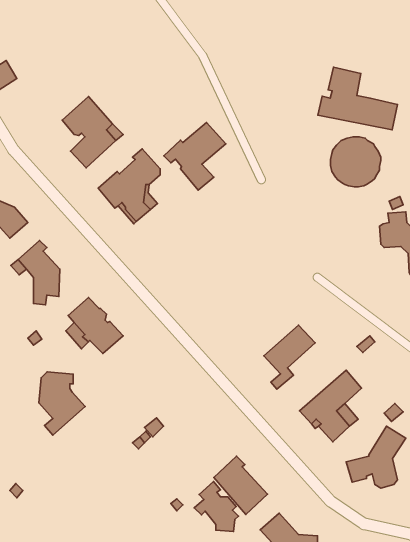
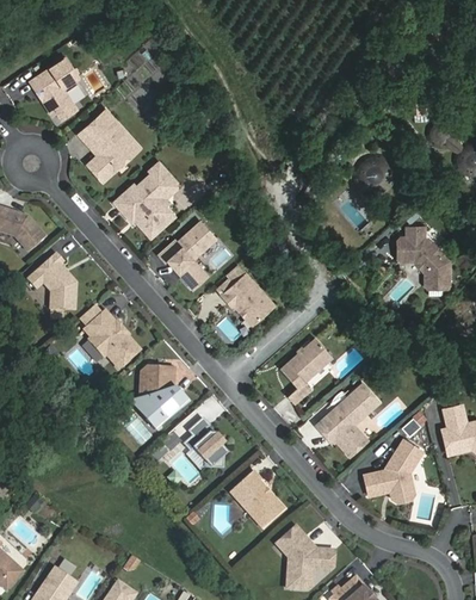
building: none -> [30,56,78,113]
building: [318,67,397,130] -> none
building: [164,122,226,190] -> [157,222,220,290]
building: none -> [221,273,276,327]
building: [39,372,85,435] -> [140,366,186,429]
building: [194,481,238,532] -> [183,417,227,468]

